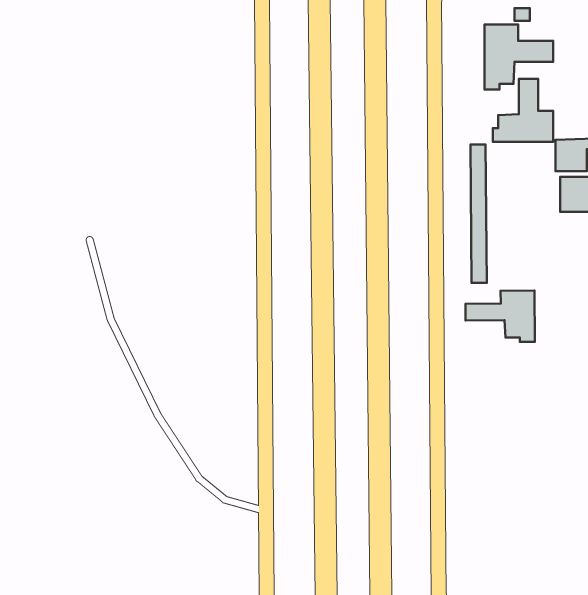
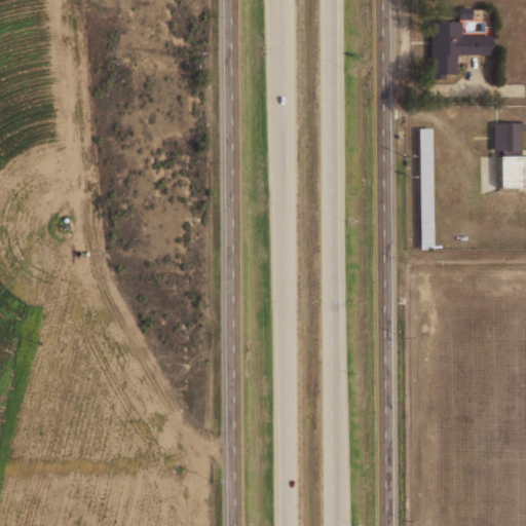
building: [493,79,553,142] -> none
building: [466,291,535,342] -> none

